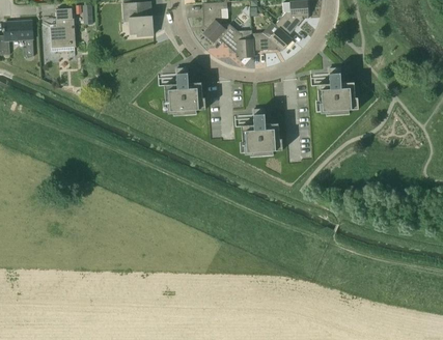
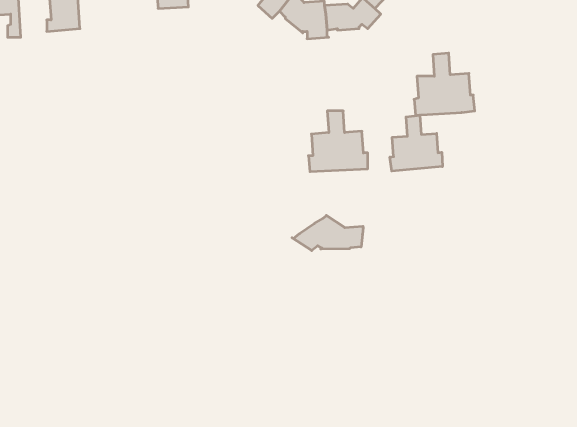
building: [163,67,205,116] -> none
building: none -> [390,115,442,171]
building: none -> [292,215,363,251]

